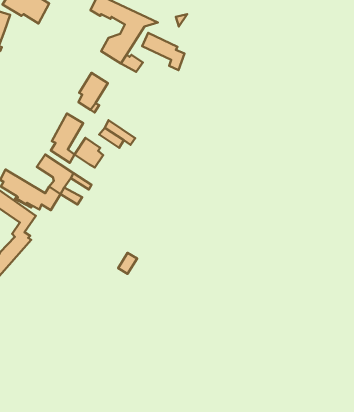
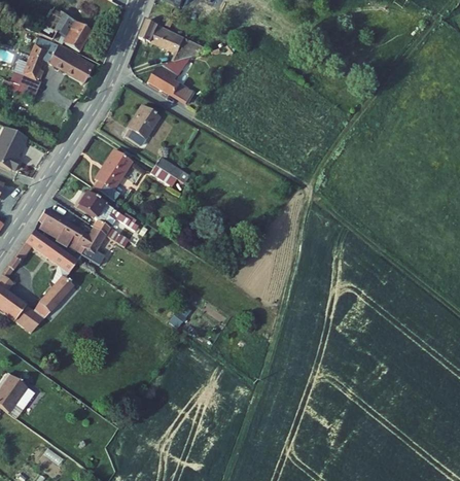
building: none -> [45,41,95,81]
building: [142,33,185,70] -> none
building: [75,138,103,167] -> none

